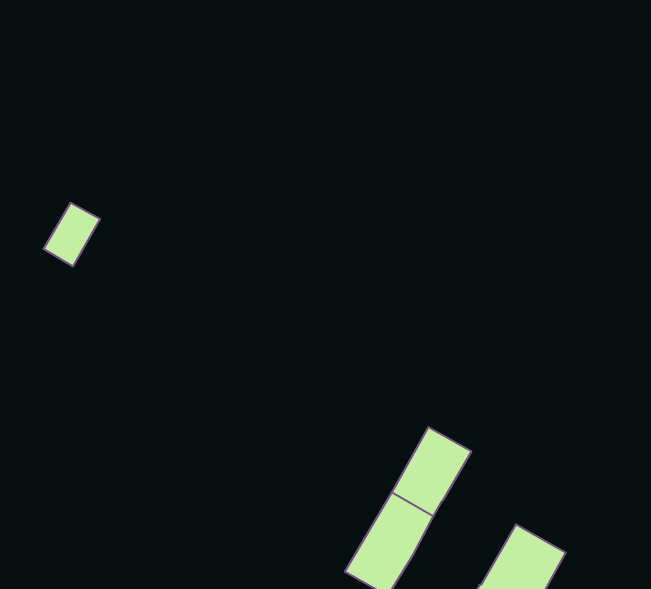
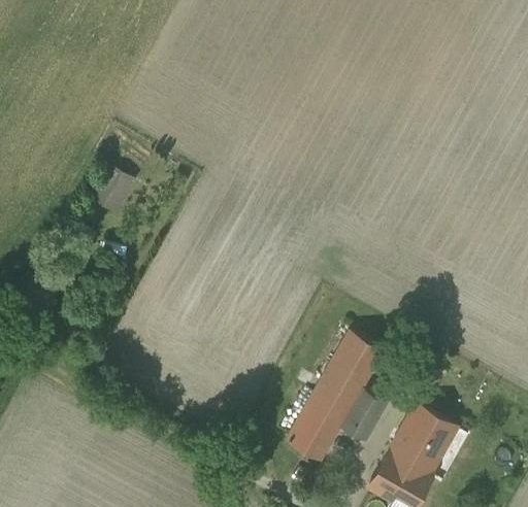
building: [43,203,100,266] -> [92,166,135,214]
building: none -> [338,387,387,442]

